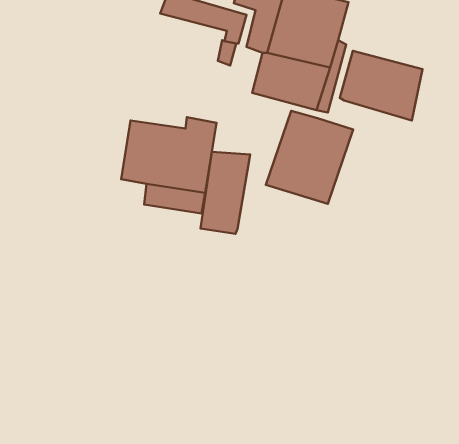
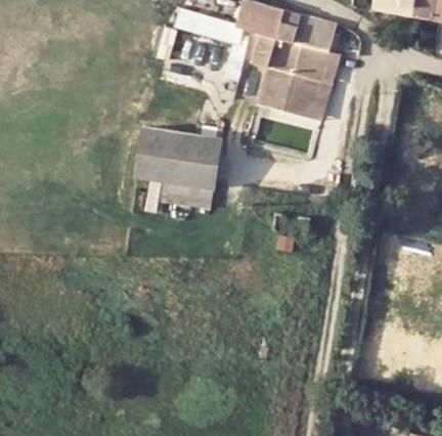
building: [340,51,423,120] -> none
building: [266,111,353,204] -> none
building: [200,152,250,234] -> none

